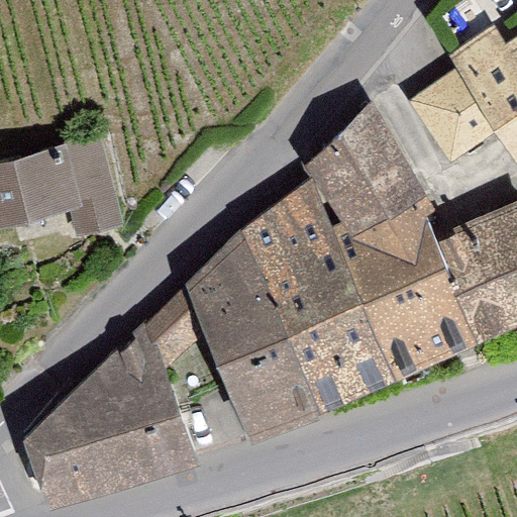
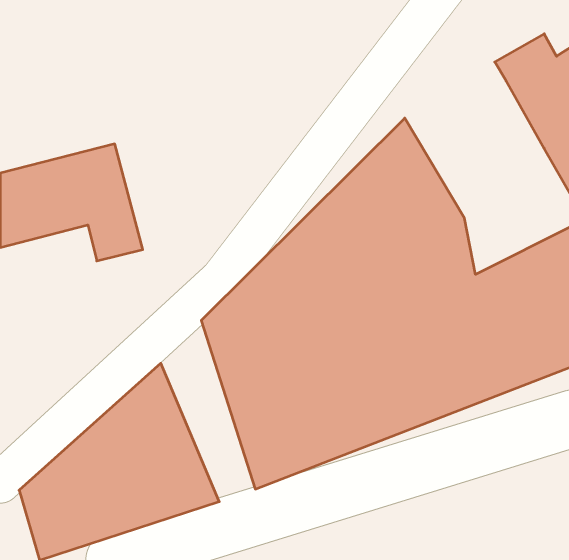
building: [411,73,494,159] -> none

